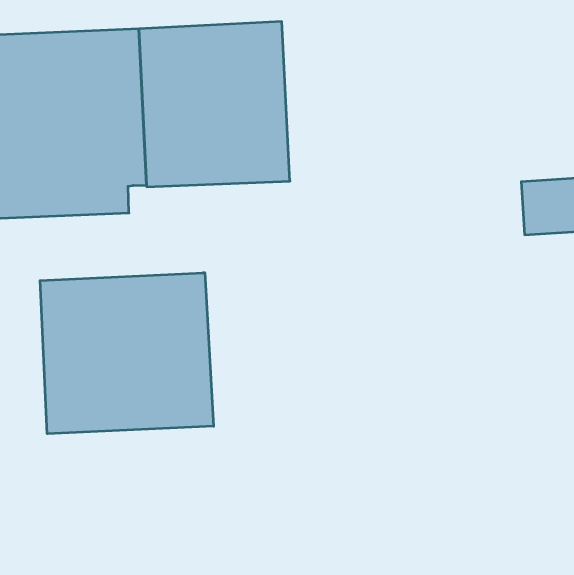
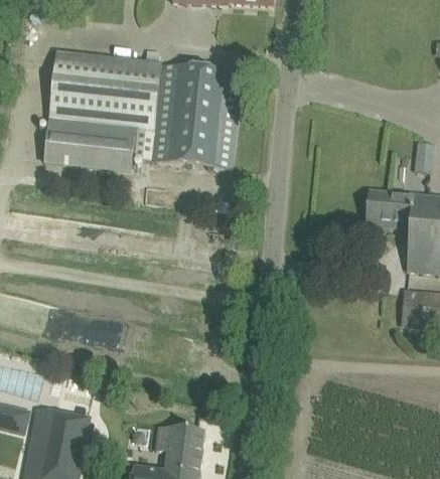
building: [40,273,214,434] -> none

